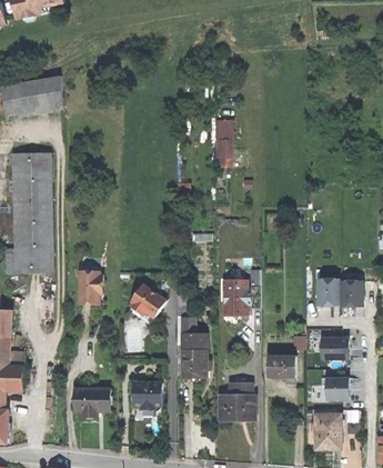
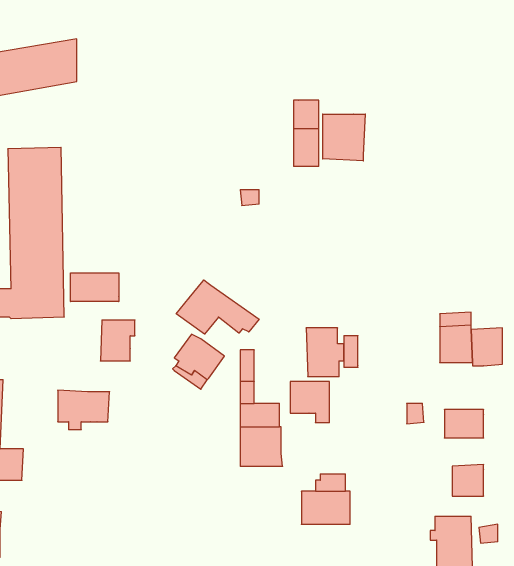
building: none -> [323,114,365,161]
building: none -> [71,273,119,302]
building: none -> [176,280,259,334]
building: [268,355,295,384] -> [290,382,329,423]
building: [133,382,161,409] -> none
building: [73,388,110,416] -> [58,390,110,430]

